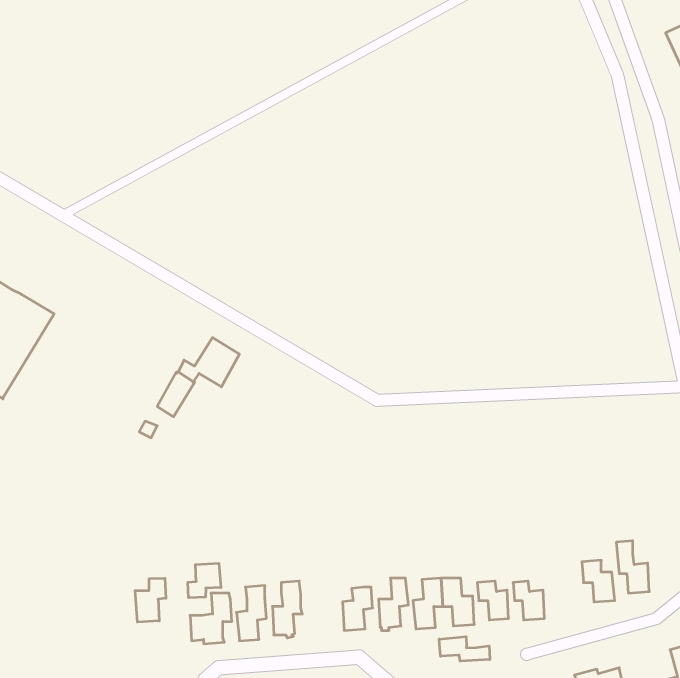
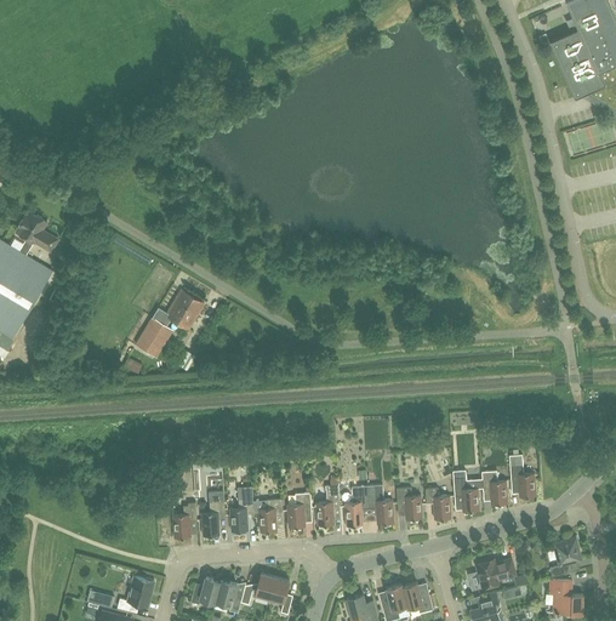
building: none -> [18,212,58,255]
building: none -> [452,467,480,514]
building: [188,563,221,598] -> none
building: [135,578,166,622] -> none
building: none -> [258,498,283,532]
building: [439,637,490,661] -> none

